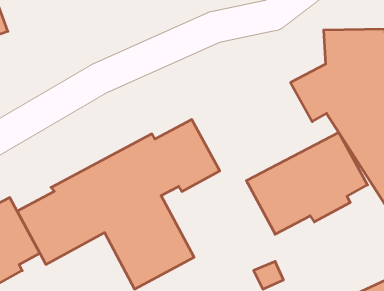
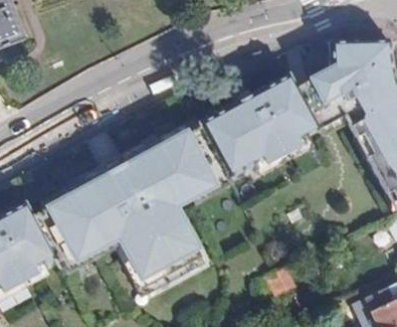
building: [246,133,368,234] -> [202,75,321,175]

